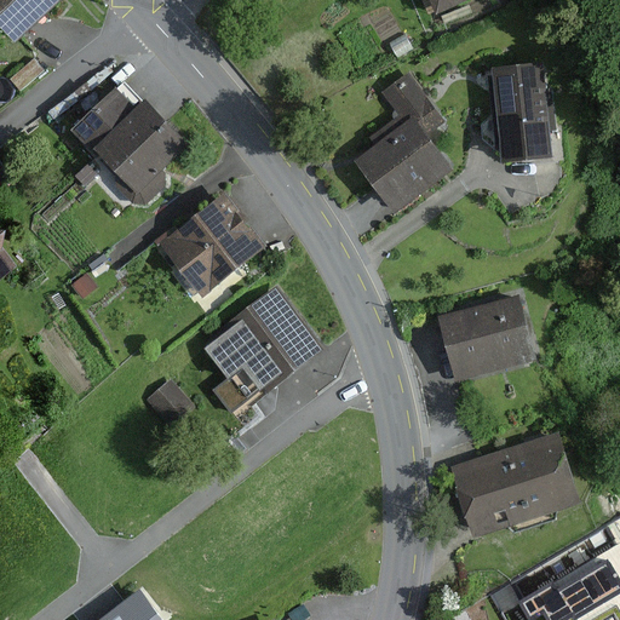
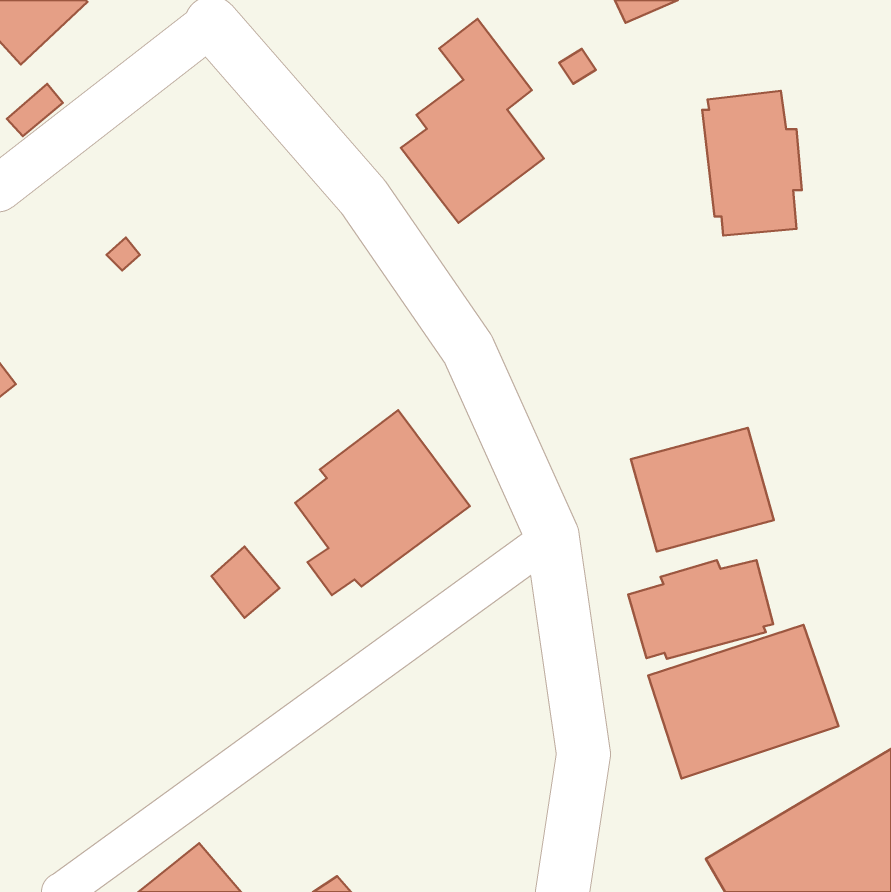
building: [354,73,453,214] -> [401,19,544,223]
building: [70,81,191,207] -> none
building: [159,193,268,298] -> none
building: none -> [628,560,773,659]

